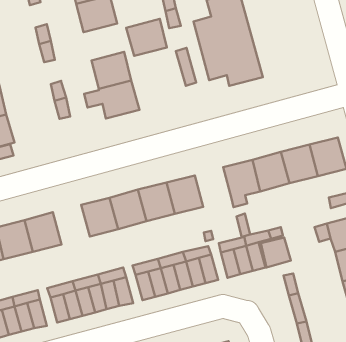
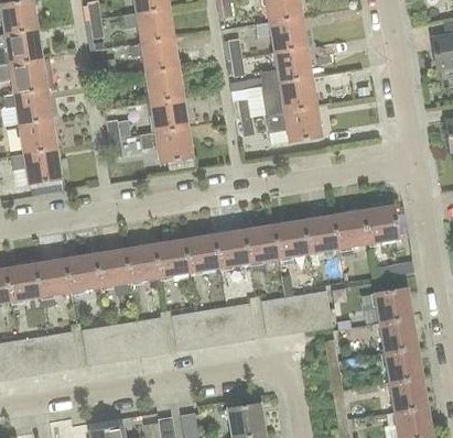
building: [126,19,167,56] -> [144,67,184,102]
building: none -> [244,225,279,272]
building: none -> [95,249,130,287]

